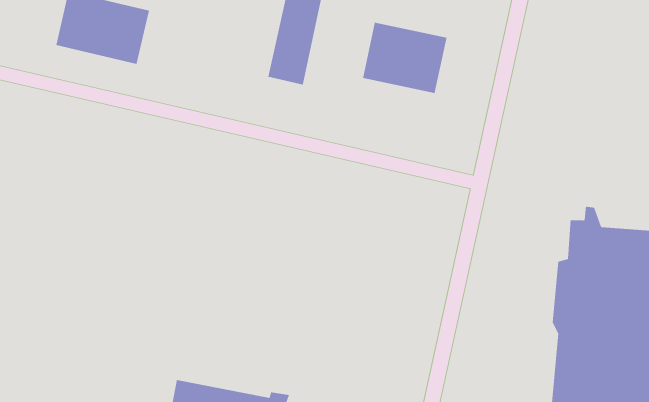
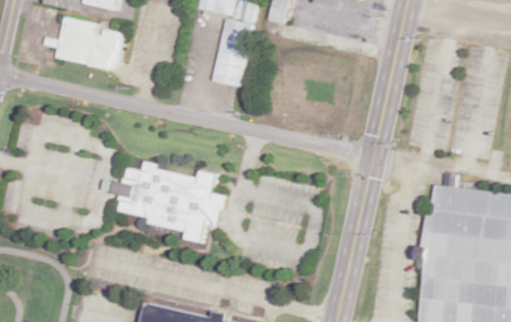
building: [362,22,447,94] -> none
building: none -> [102,162,227,243]

